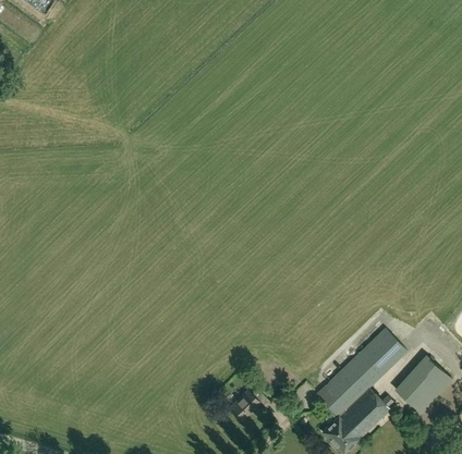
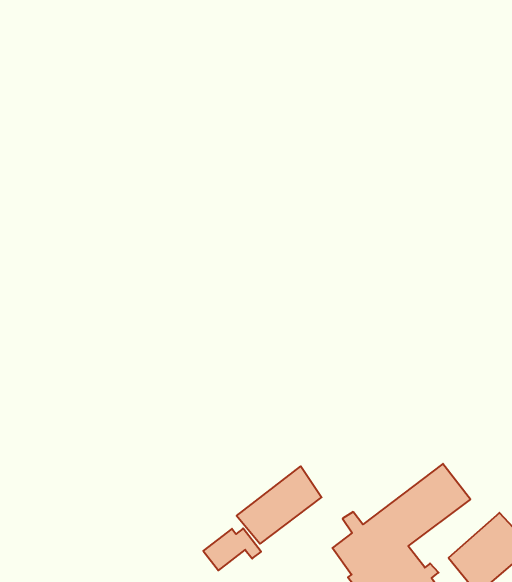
building: none -> [237,466,322,544]

